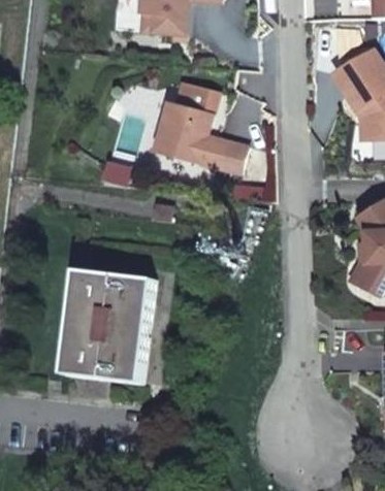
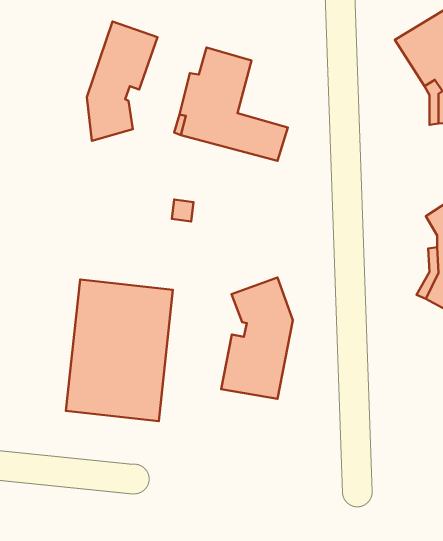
building: none -> [87,22,157,141]
building: none -> [221,277,293,399]

